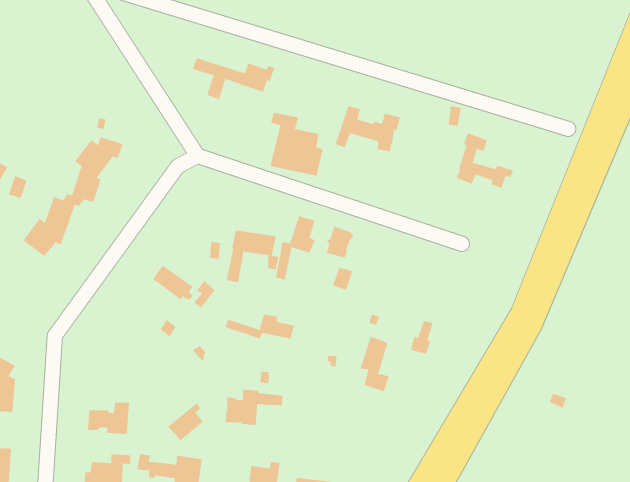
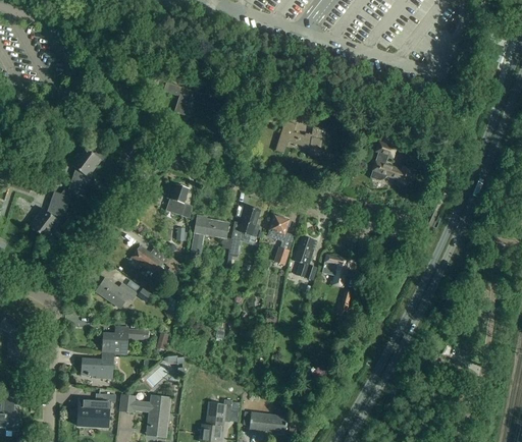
building: [270,112,323,177] -> none
building: none -> [166,184,188,216]
building: none -> [322,255,354,287]
building: none -> [96,279,137,309]
building: [225,314,295,340] -> none
building: [360,336,390,392] -> [294,236,317,280]
building: [225,389,284,425] -> [102,327,148,355]

